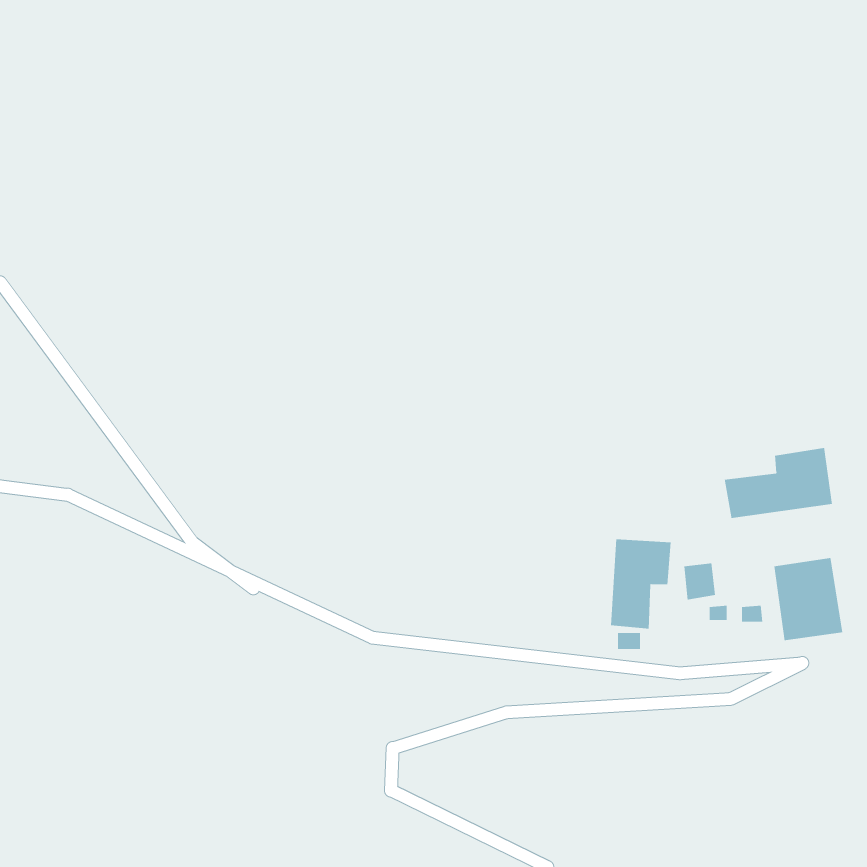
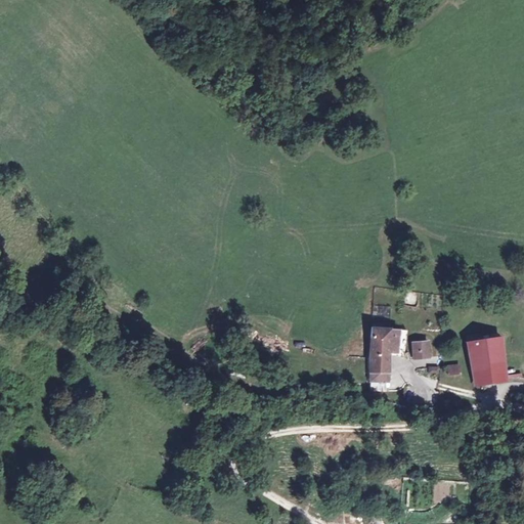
building: [724,447,833,519] -> none

